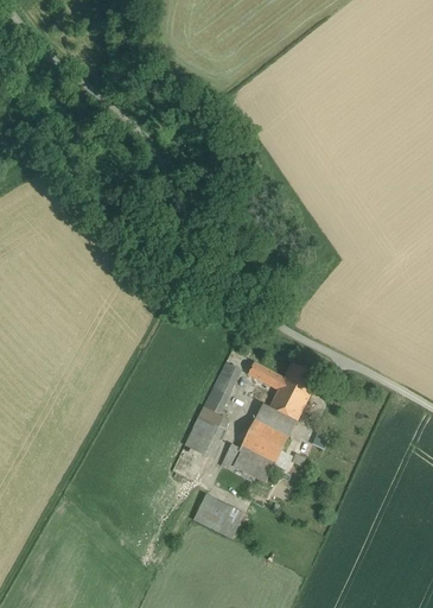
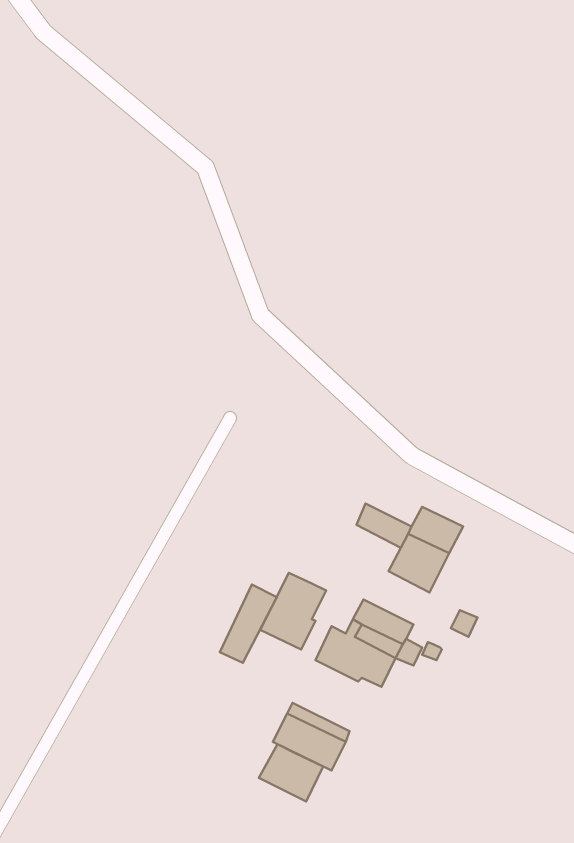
building: [203,361,241,413] -> [220,585,277,663]
building: [253,403,297,441] -> none
building: none -> [259,744,323,802]

